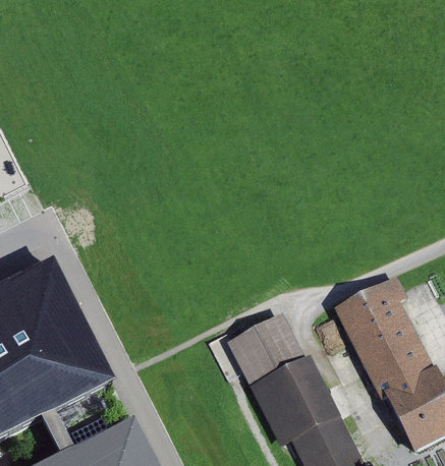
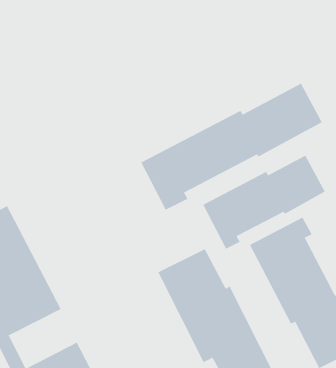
building: none -> [140,83,323,210]
building: none -> [202,155,325,249]

